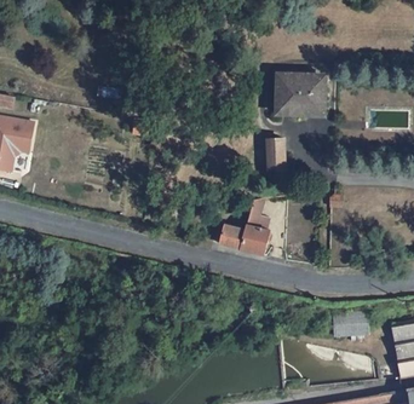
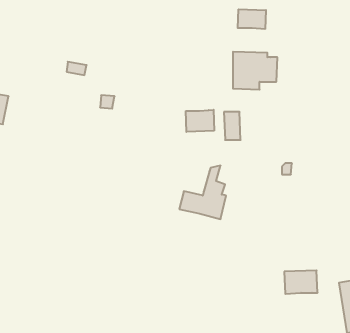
building: none -> [238,9,266,29]
building: none -> [186,110,214,132]

